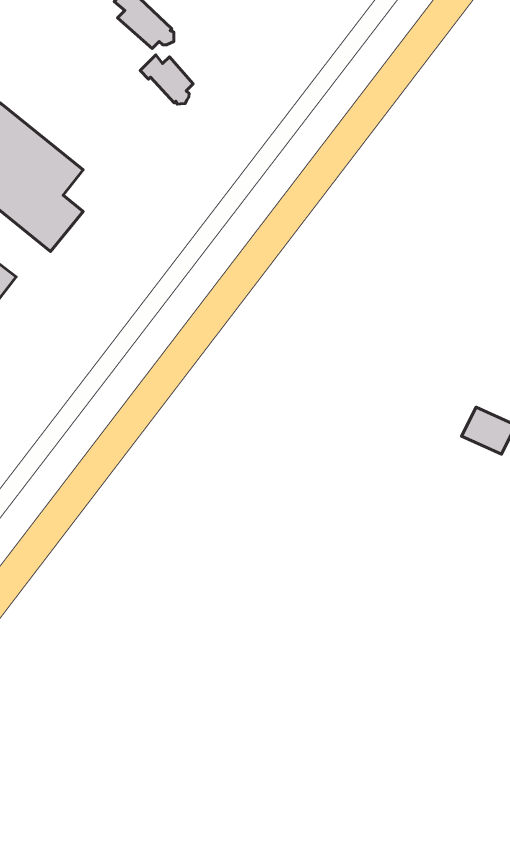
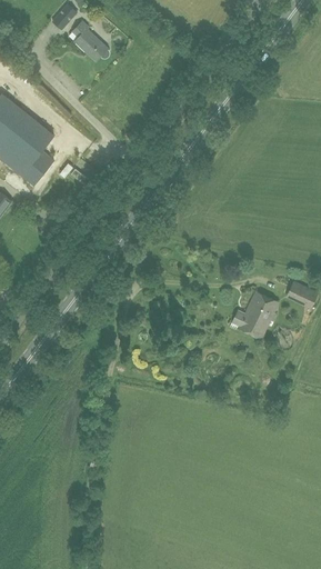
building: [140,55,193,104] -> none
building: none -> [231,290,278,338]

